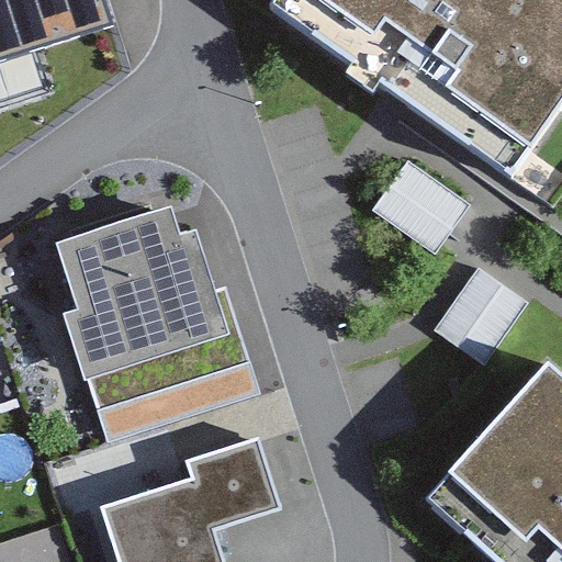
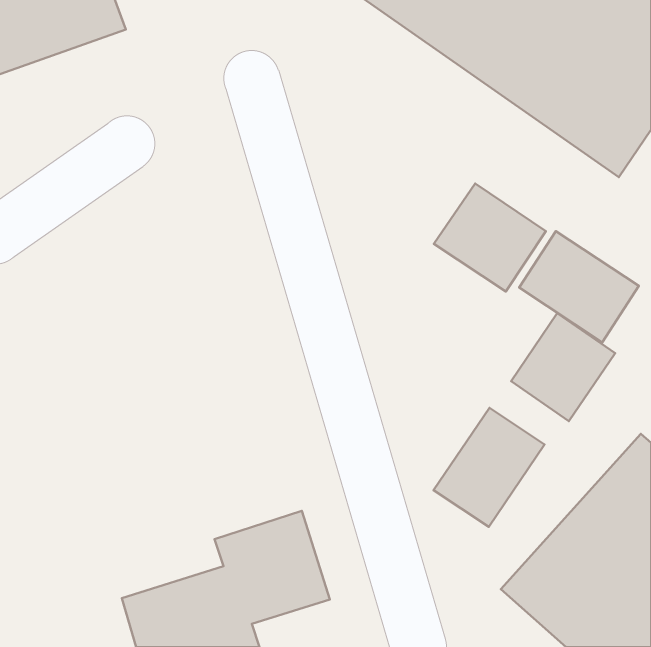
building: none -> [519,231,639,342]
building: [63,215,251,414] -> none
building: none -> [433,408,545,527]

